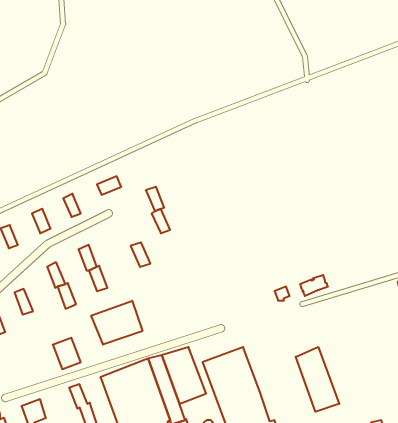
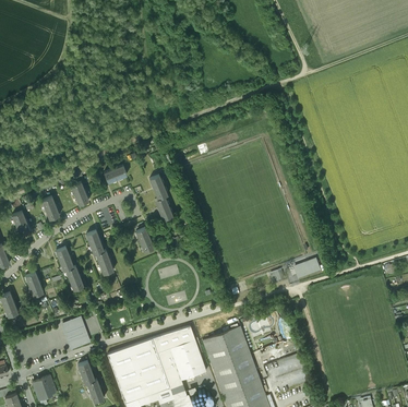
building: [91,301,142,345] -> none
building: [296,347,339,412] -> none

